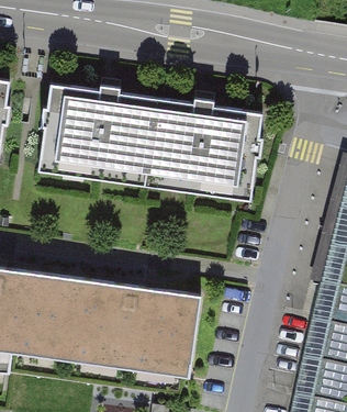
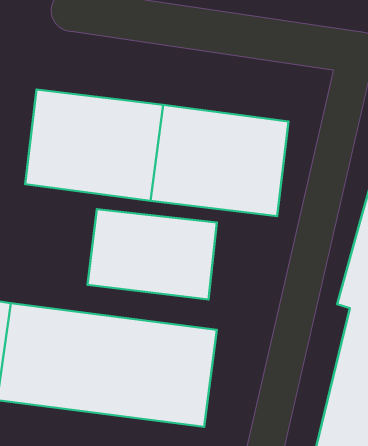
building: none -> [88,209,217,300]

